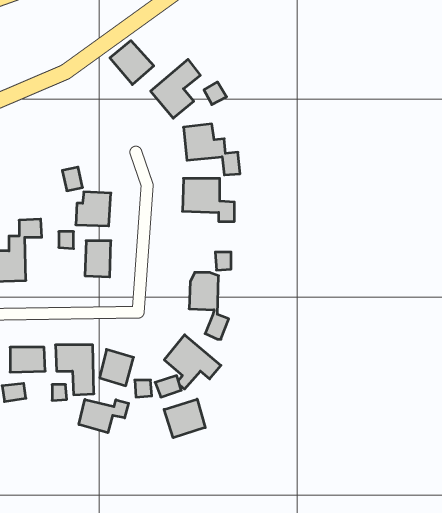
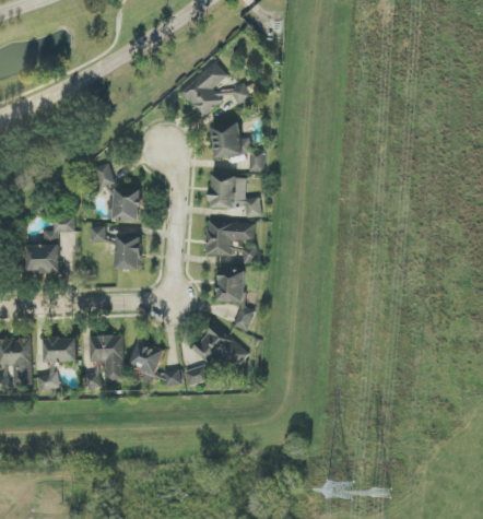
building: [110,41,154,85] -> none
building: none -> [204,221,254,256]
building: [164,399,205,438] -> none
building: [79,399,129,433] -> none

